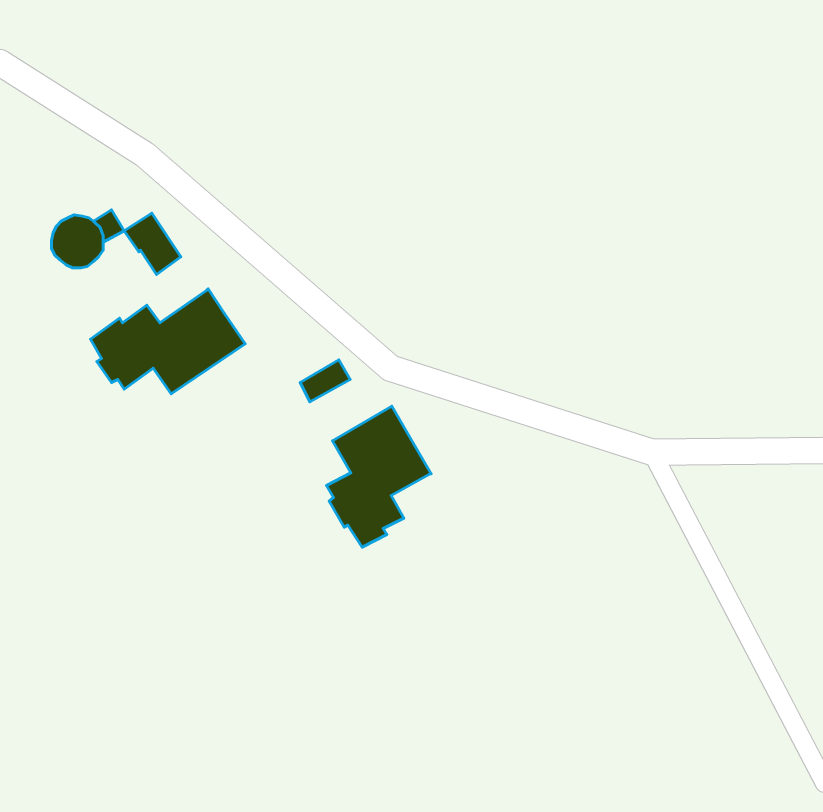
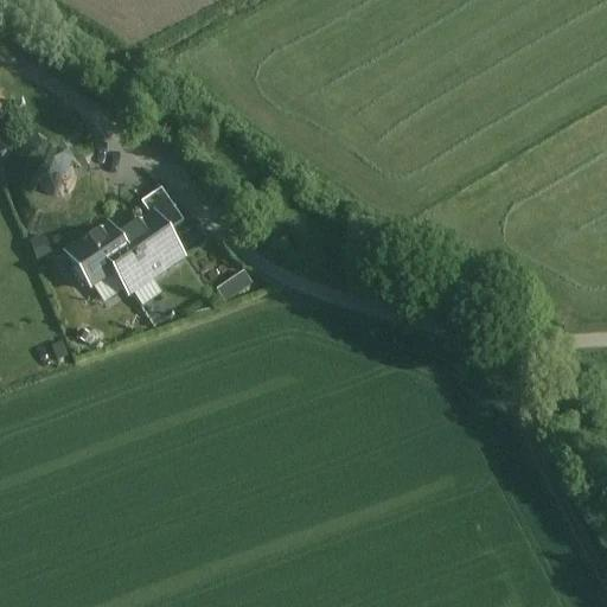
building: [124,213,181,274] -> [142,185,184,230]
building: [326,406,431,547] -> none

